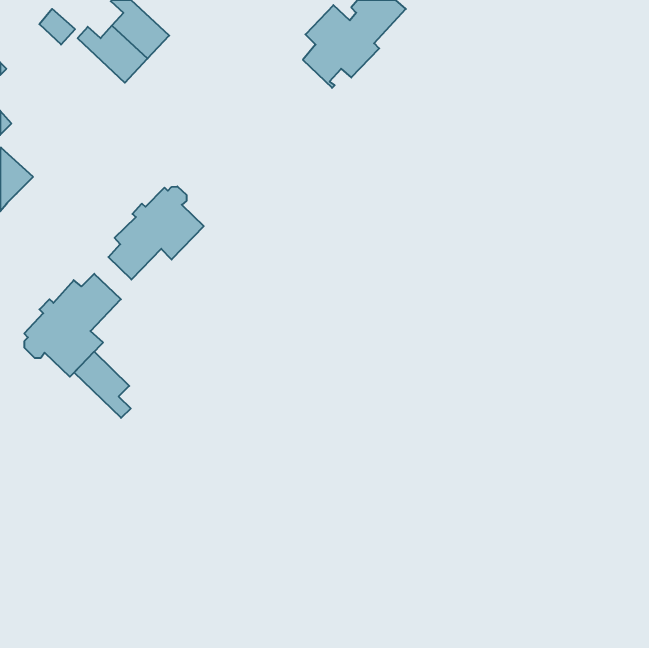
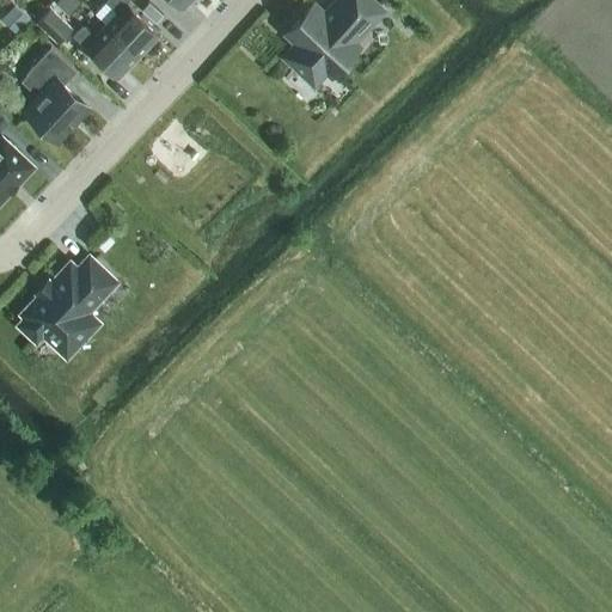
building: none -> [26,49,87,141]
building: [108,186,204,280] -> none
building: [74,352,131,418] -> none

